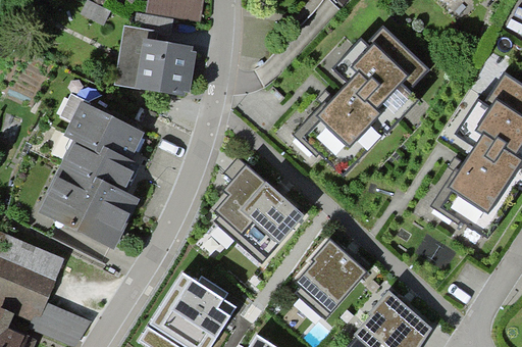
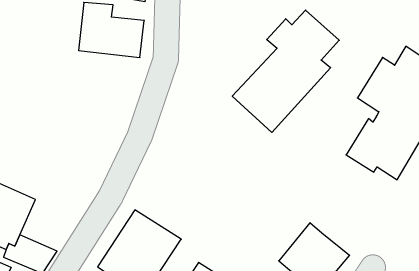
building: [40,105,143,249] -> none
building: [208,160,306,262] -> none
building: [291,236,369,318] -> none

